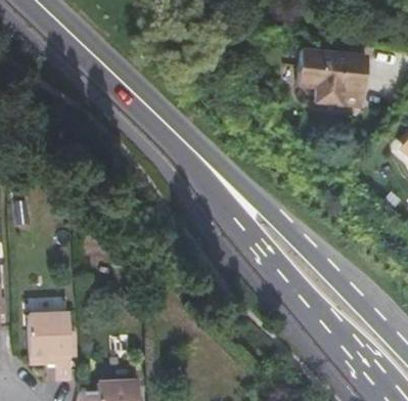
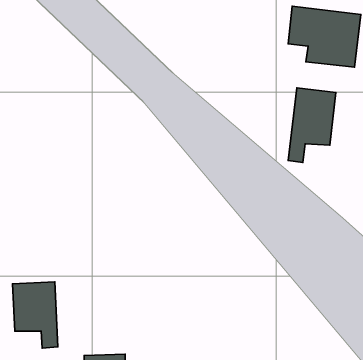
building: none -> [288,88,336,162]

